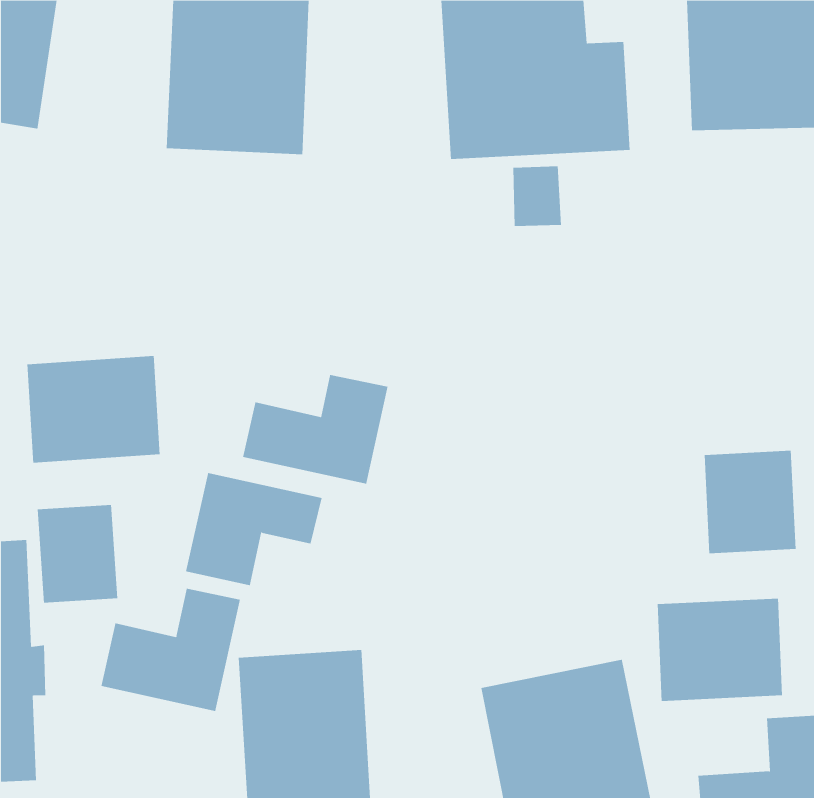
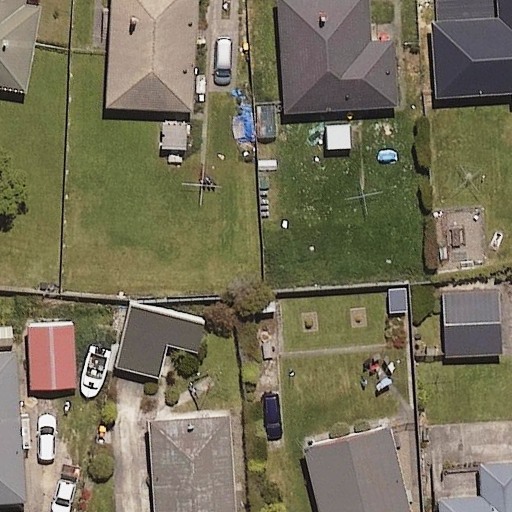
building: [27,355,160,464] -> none
building: [242,374,388,485] -> none
building: [101,588,240,712] -> none
building: [657,598,783,702] -> none

